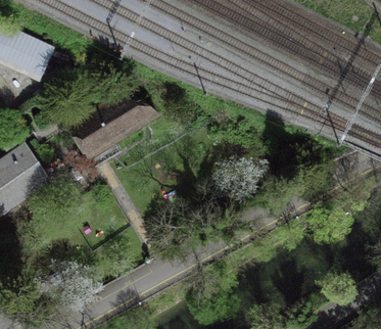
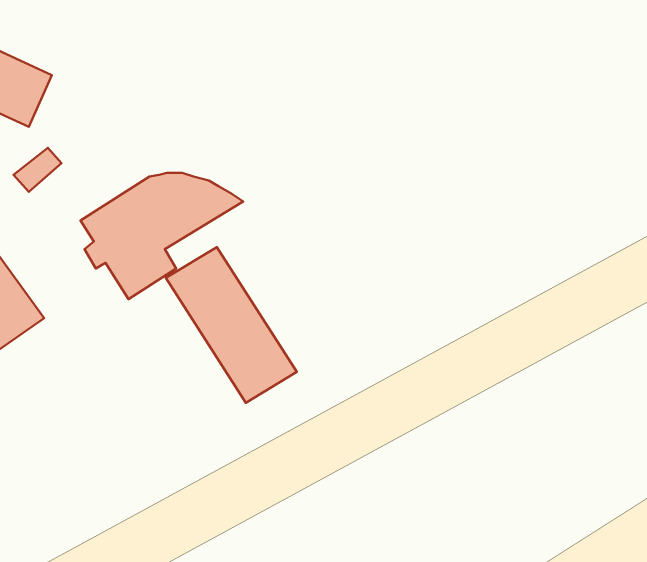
building: none -> [166,247,297,403]

